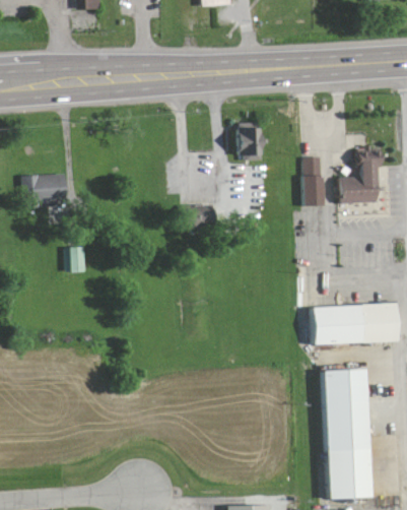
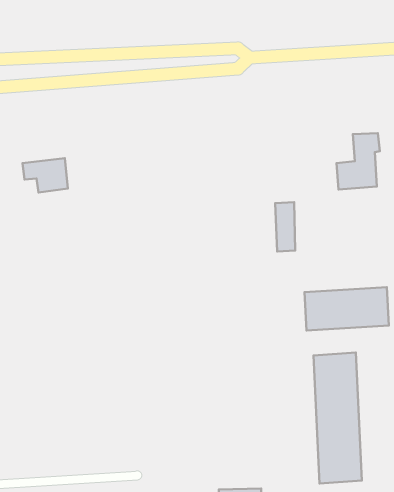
building: [241,127,267,158] -> none
building: [306,155,326,205] -> [275,202,295,252]
building: [67,246,86,270] -> none

